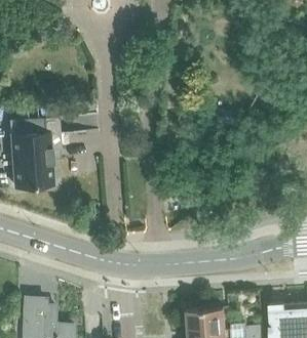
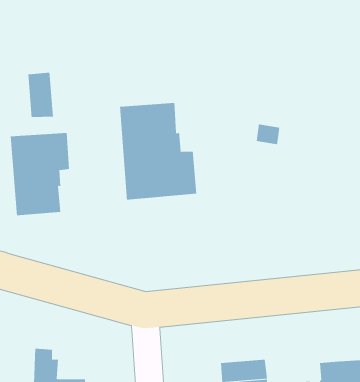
building: none -> [28,72,53,118]
building: none -> [119,102,197,200]

